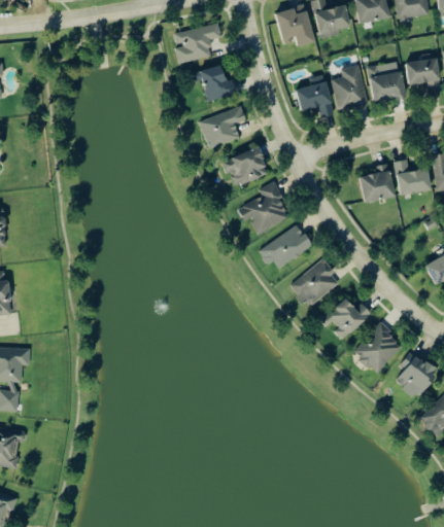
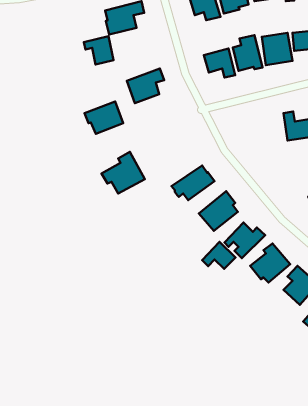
building: [193,65,230,100] -> [84,36,114,64]
building: [221,147,270,187] -> [84,102,123,134]
building: [360,164,396,203] -> none
building: [238,182,292,234] -> [102,152,145,193]
building: none -> [202,242,236,269]

